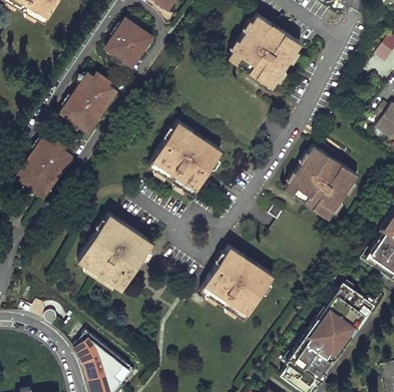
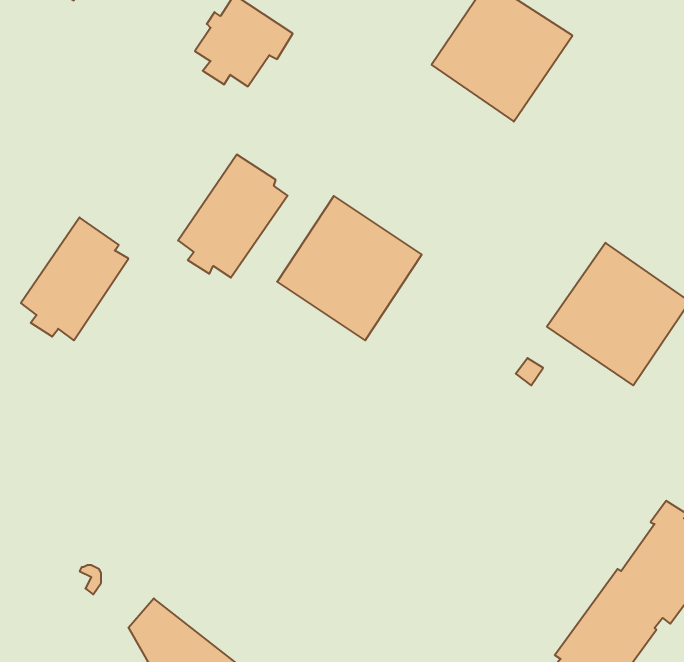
building: [60,69,116,132] -> [178,155,288,278]
building: [78,216,152,291] -> none
building: [202,248,275,321] -> none

